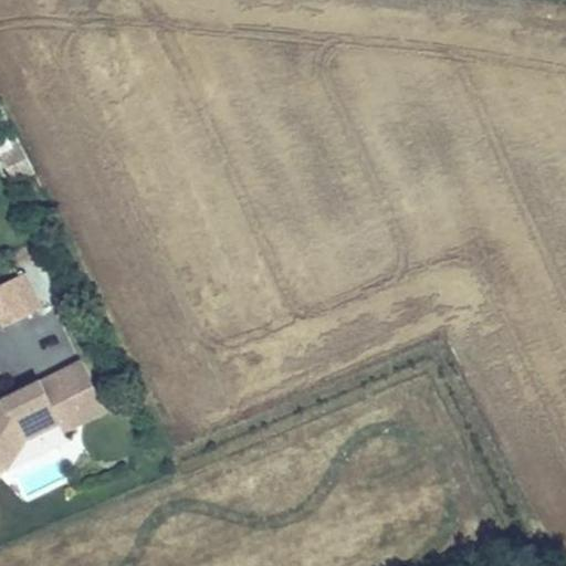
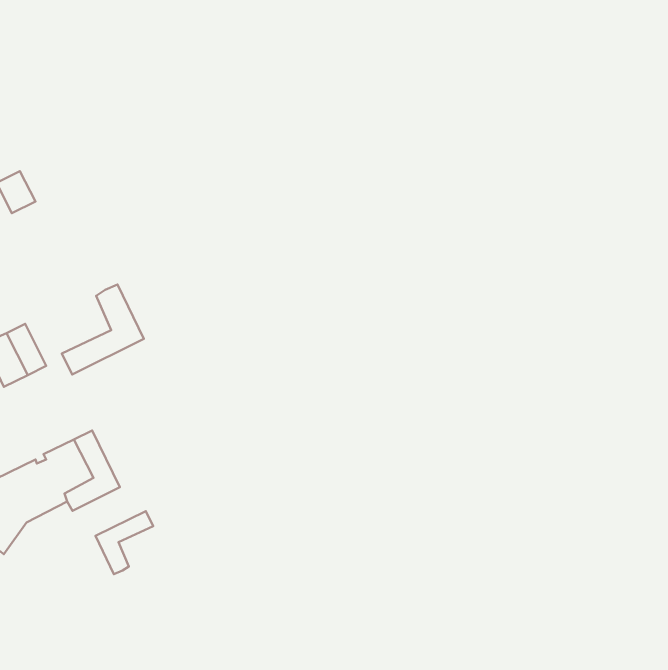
building: none -> [62,285,144,375]
building: none -> [96,511,153,574]

